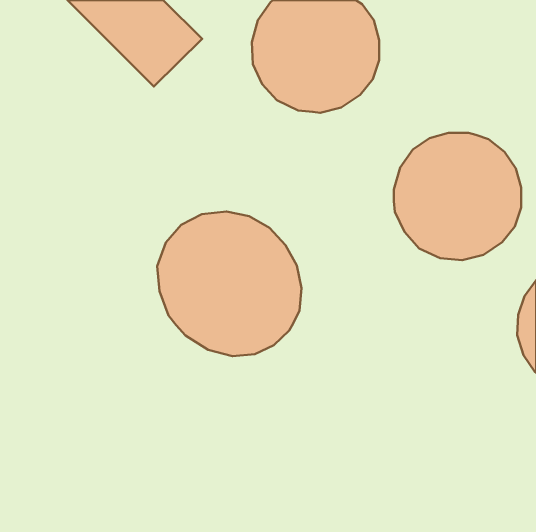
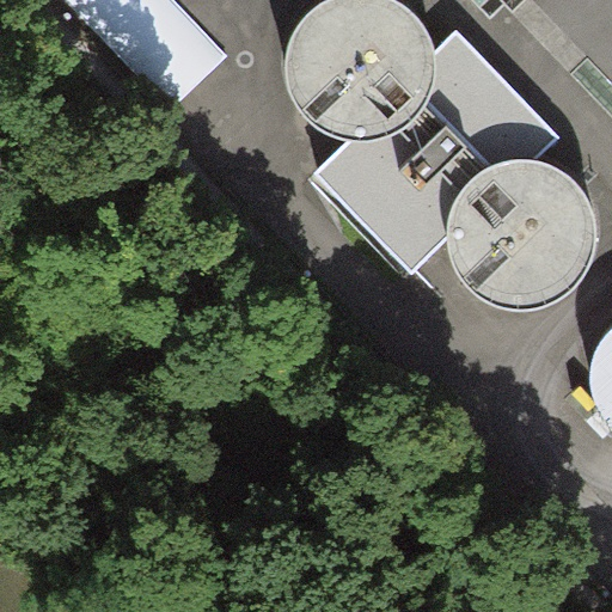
building: none -> [313,30,561,274]
building: [157,211,301,356] -> none

